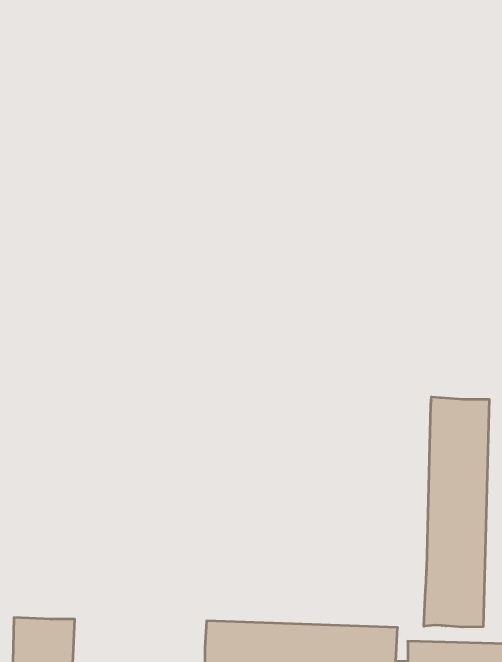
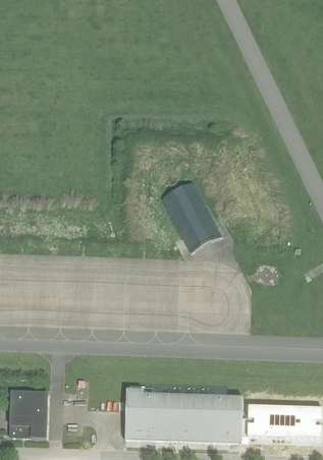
building: none -> [160,179,221,252]
building: [424,397,489,627] -> none

